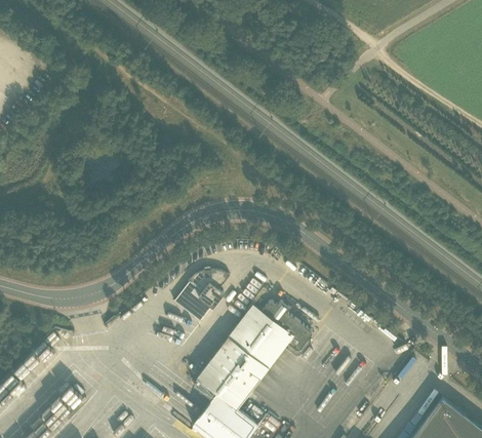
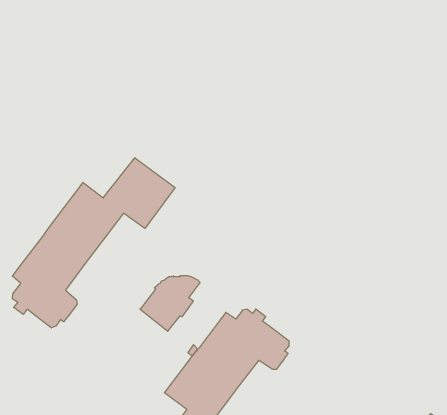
building: none -> [12,158,175,328]

